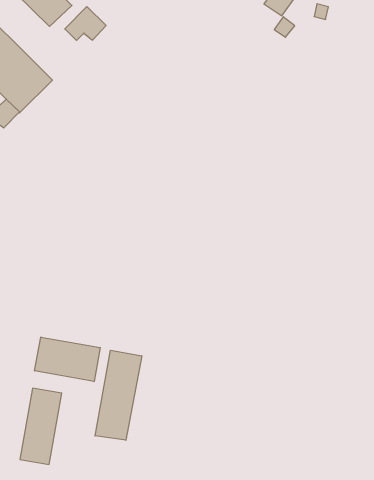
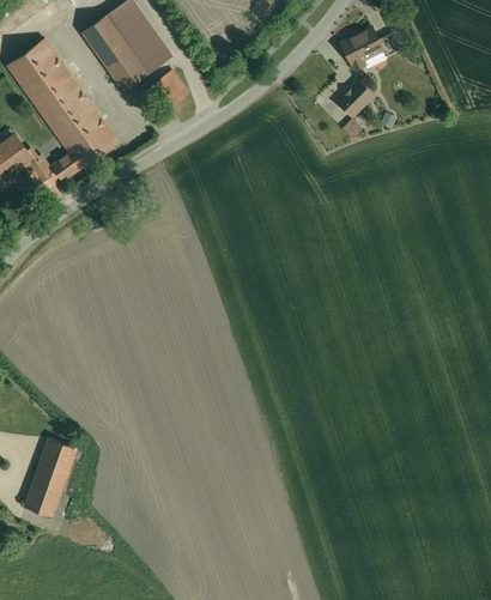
building: [35,337,100,382] -> none
building: [95,350,142,440] -> none

